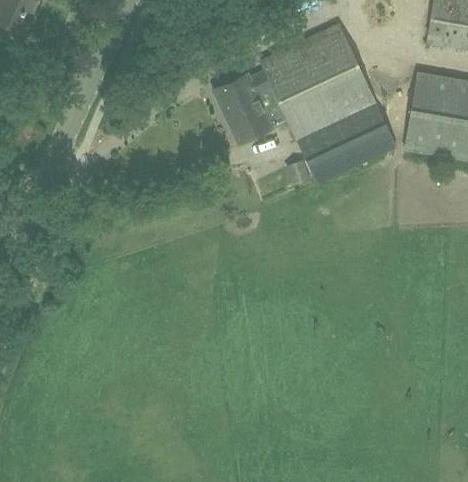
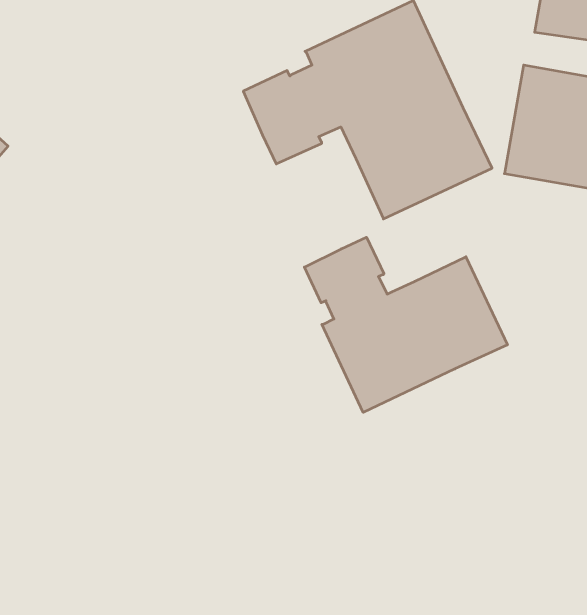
building: none -> [304,237,507,412]

